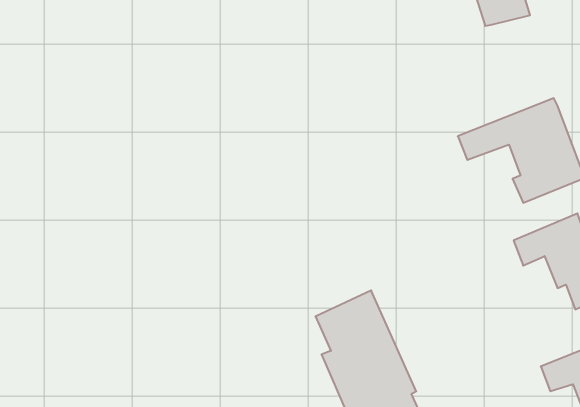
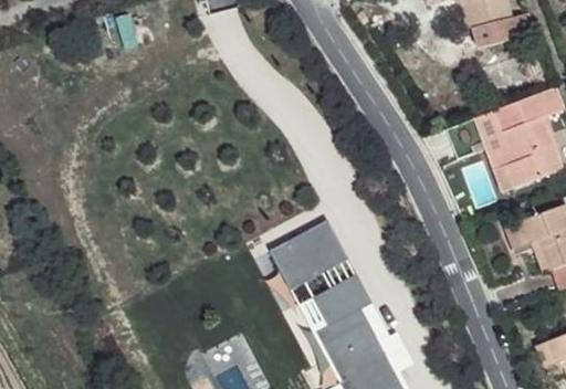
building: none -> [475,17,518,51]
building: none -> [269,220,349,292]

